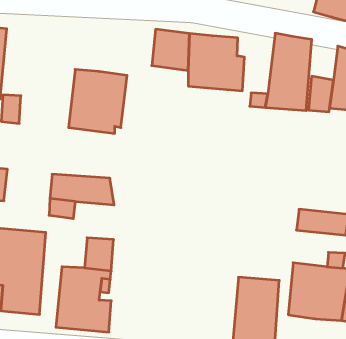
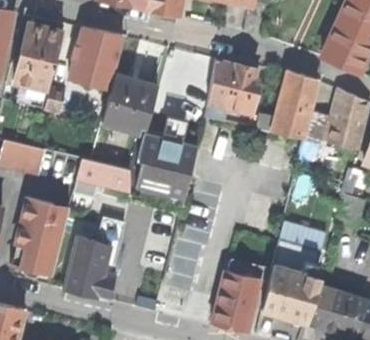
building: none -> [69,28,122,89]
building: none -> [137,136,196,197]

